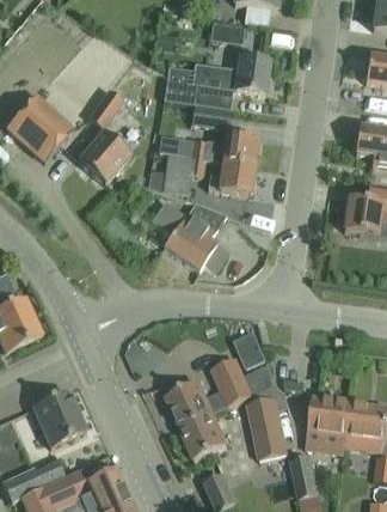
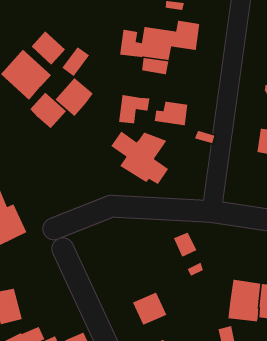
building: none -> [31,30,66,65]
building: [190,132,258,166] -> none
building: none -> [29,92,67,129]
building: [209,356,252,406] -> none
building: [166,382,211,427] -> none
building: [32,390,85,446] -> none
building: [246,397,288,459] -> none

